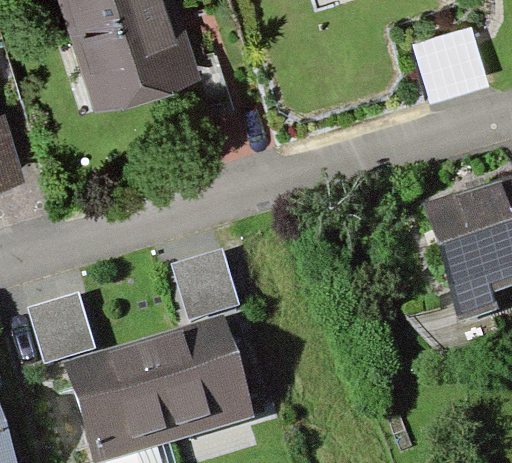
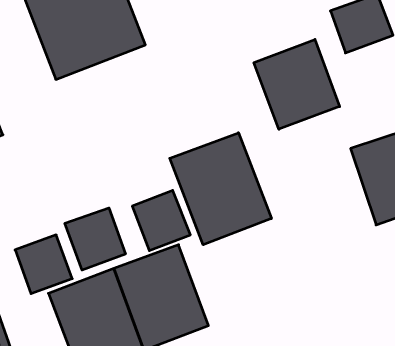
building: none -> [254,39,340,129]
building: none -> [170,133,271,245]
building: none -> [65,208,125,270]

